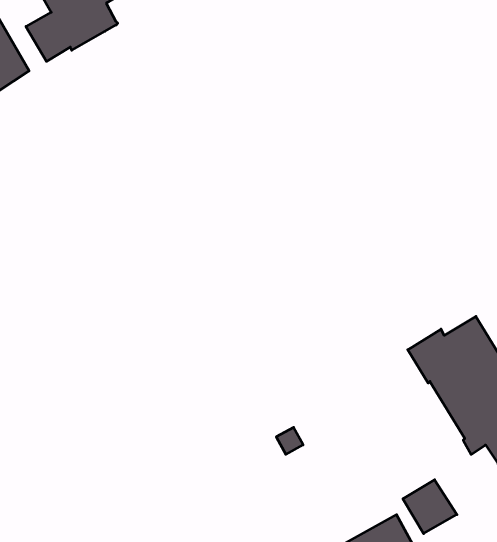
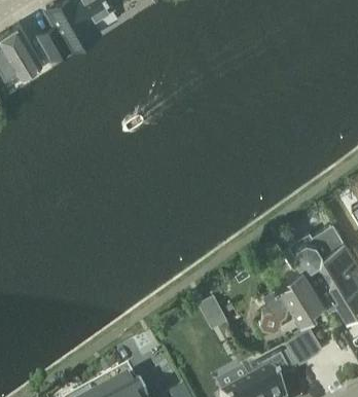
building: none -> [260,263,325,331]

